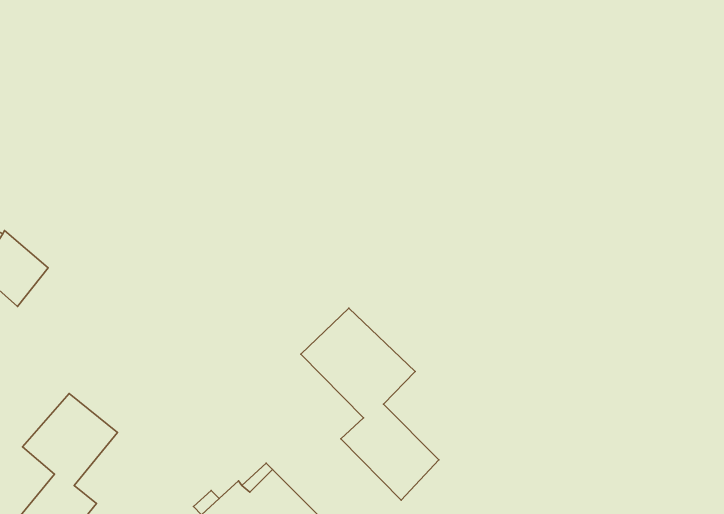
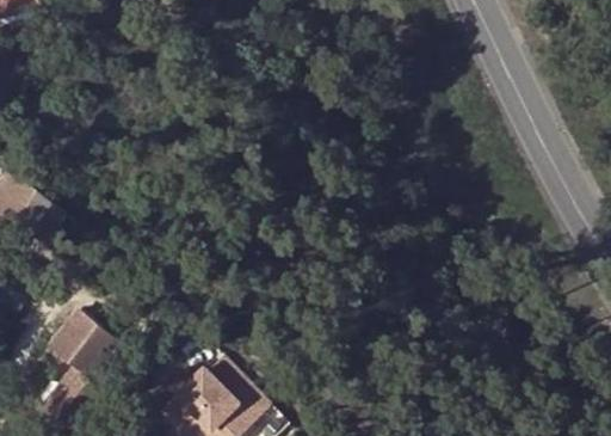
building: [301,308,439,500] -> none

